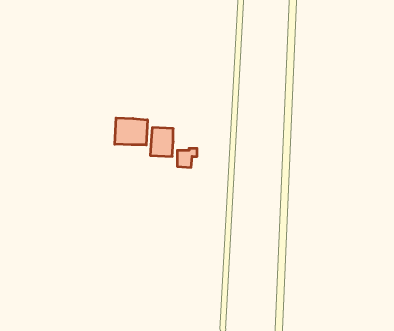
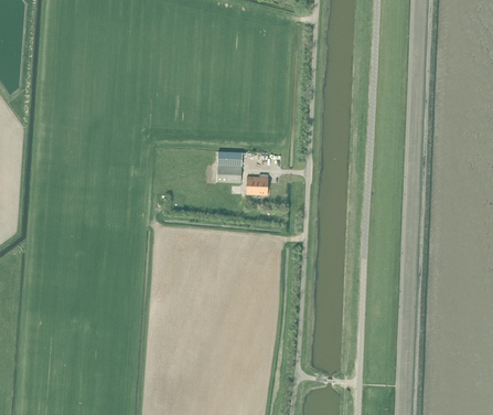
building: [115,118,147,145] -> none

